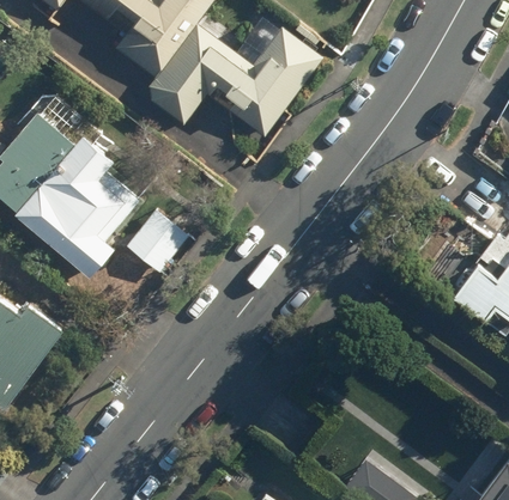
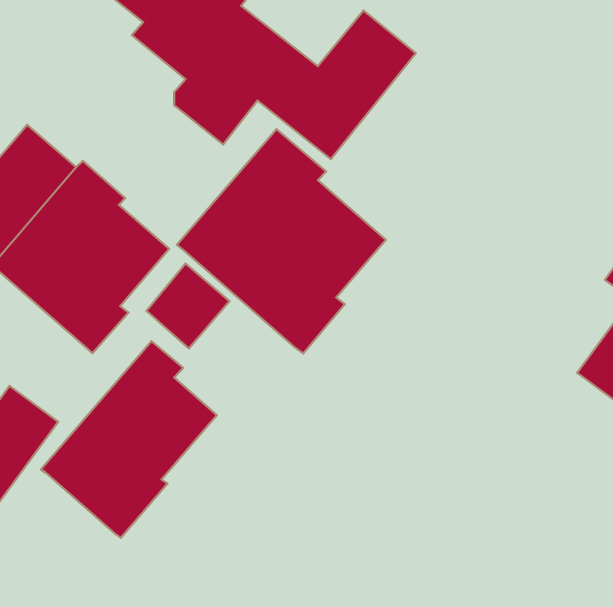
building: none -> [177,129,386,354]
building: none -> [41,341,217,538]

